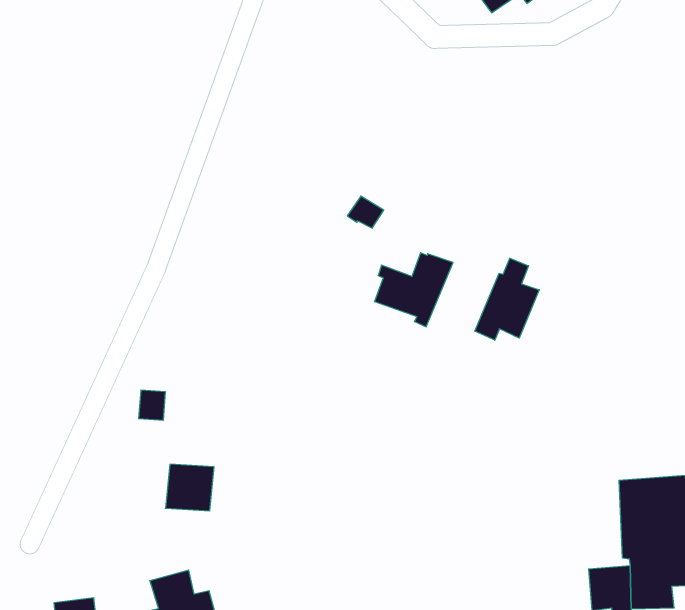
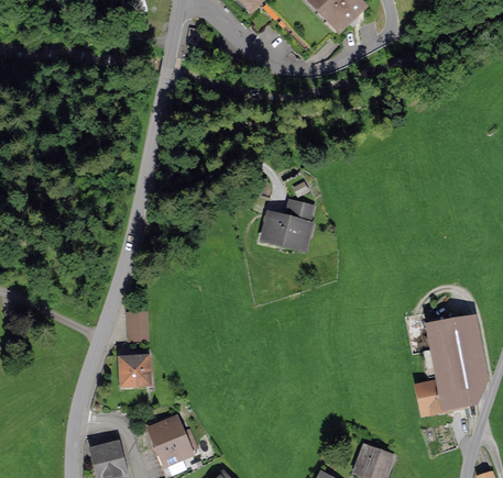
building: [475,258,539,340] -> none
building: [165,464,214,511] -> [120,355,149,385]

